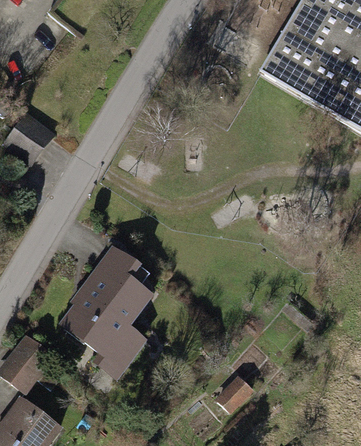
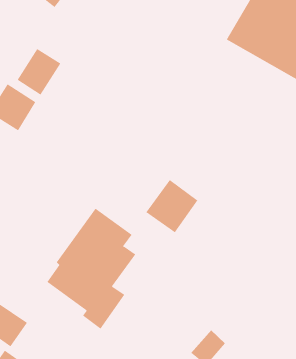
building: none -> [17,48,61,95]
building: none -> [146,179,198,233]

